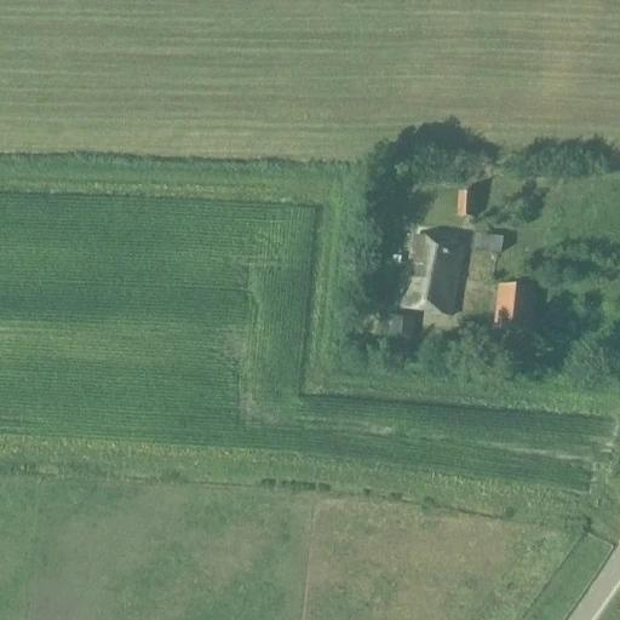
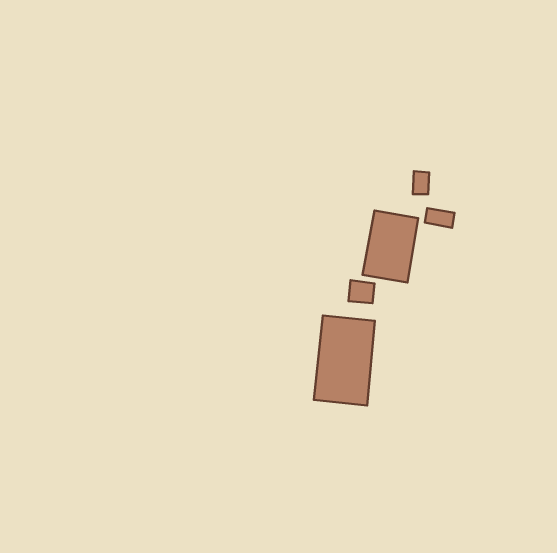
building: [495,283,536,331] -> none
building: none -> [314,315,375,405]

